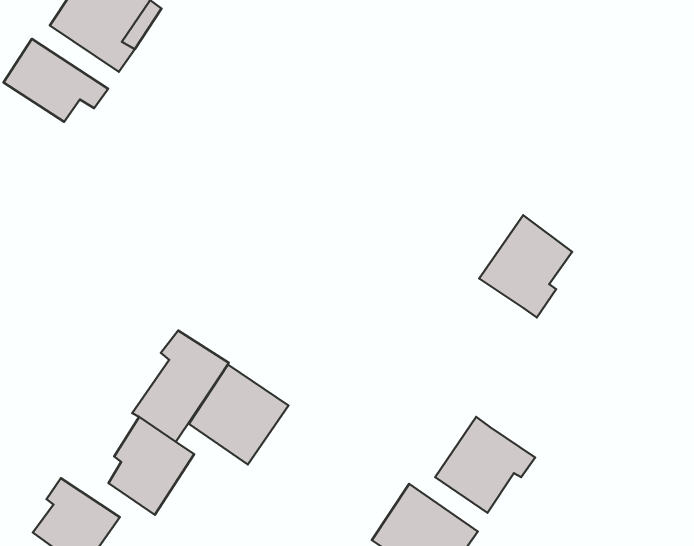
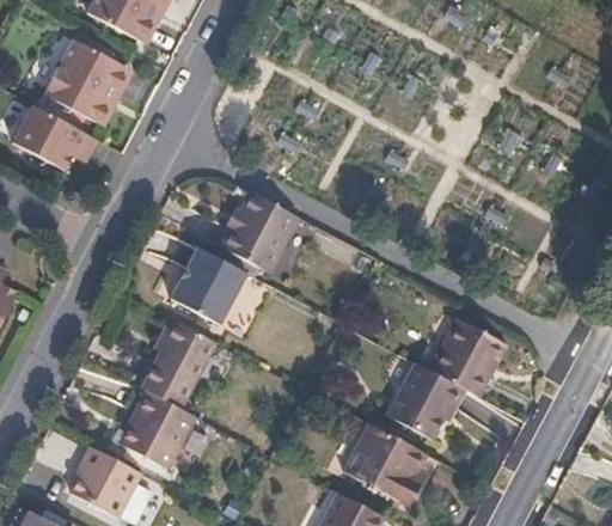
building: none -> [222,192,298,270]
building: [479,215,572,317] -> [427,319,498,399]
building: [189,365,288,464] -> [167,250,245,328]

